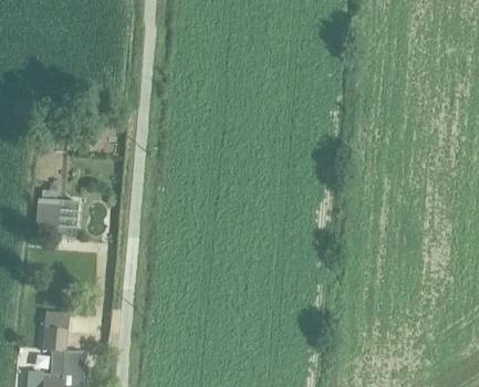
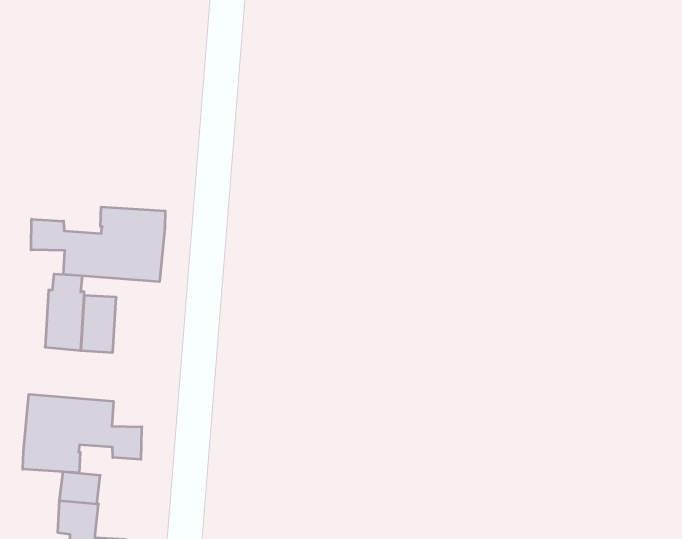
building: none -> [31,207,165,282]
building: none -> [23,394,142,473]

